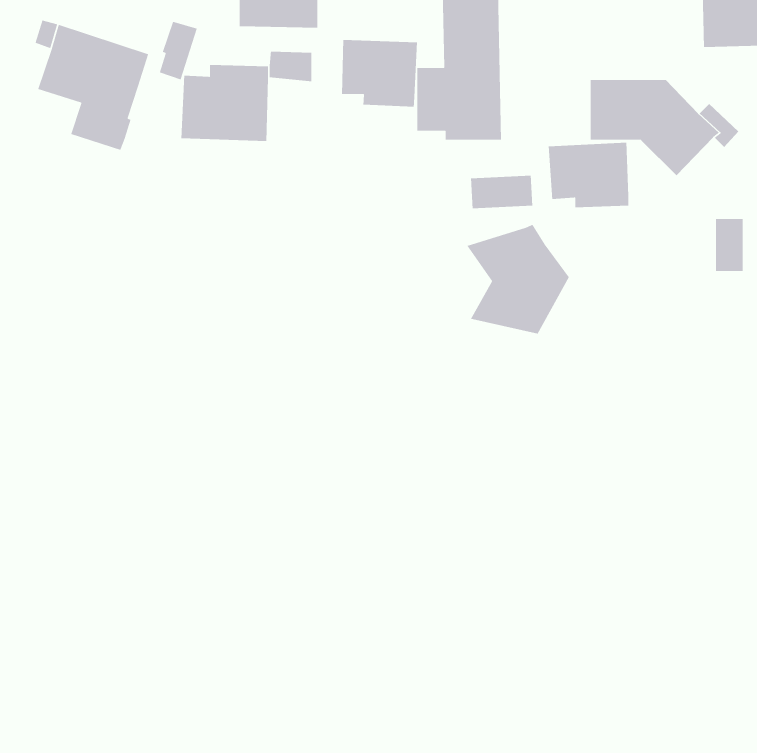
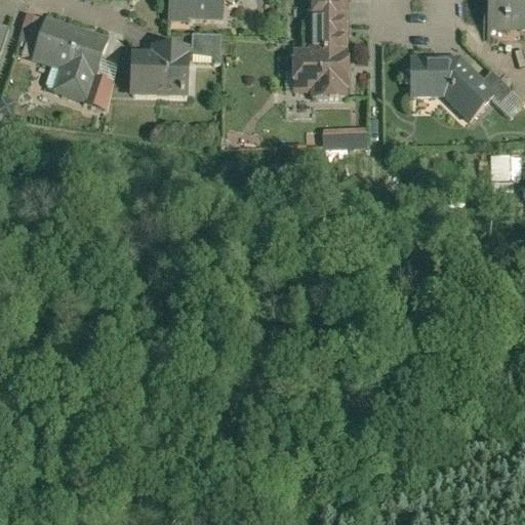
building: [159,21,198,80] -> [90,59,117,100]
building: [341,39,418,108] -> none
building: [548,142,629,208] -> none
building: [466,224,570,334] -> none

